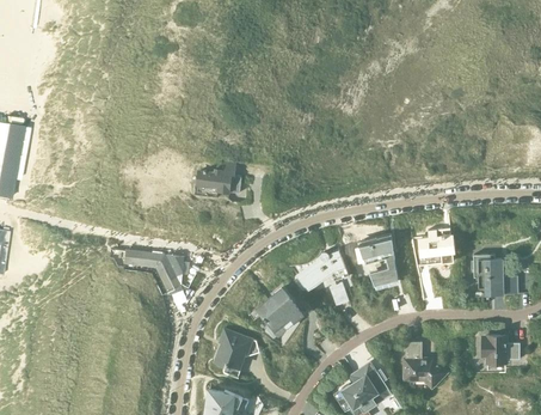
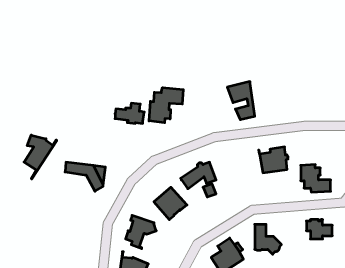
building: none -> [149,88,183,123]
building: none -> [24,135,57,179]
building: [357,233,398,289] -> [227,82,255,120]

